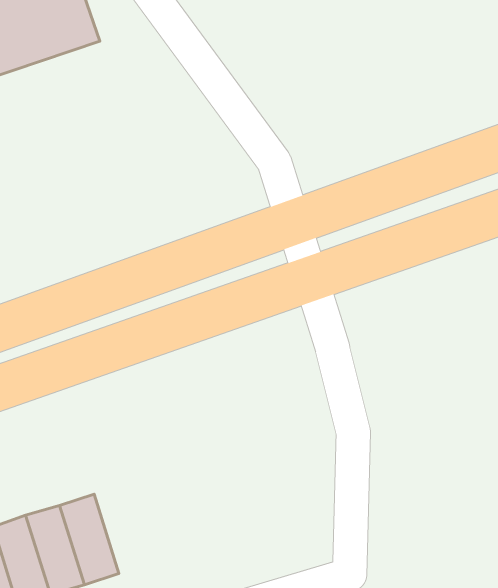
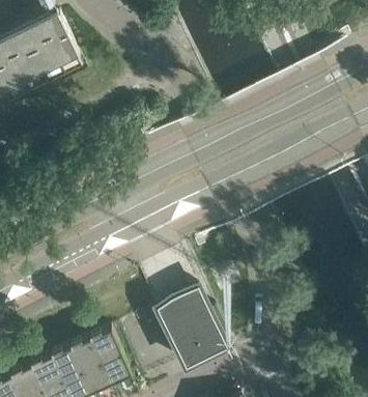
building: none -> [154,286,227,366]

